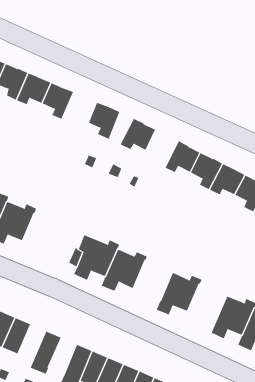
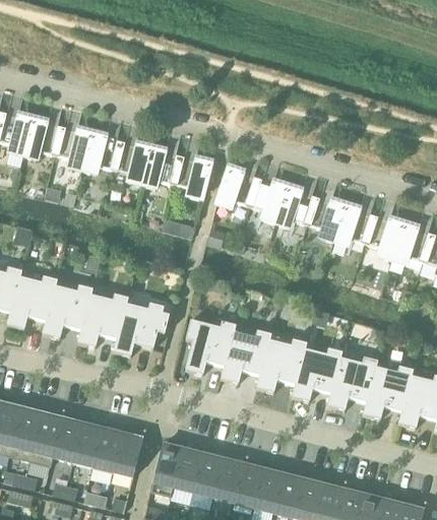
building: none -> [141,148,180,187]
building: none -> [249,178,287,222]
building: none -> [113,302,170,355]
building: none -> [256,338,307,391]
building: none -> [327,355,378,409]
building: none -> [173,448,202,492]

